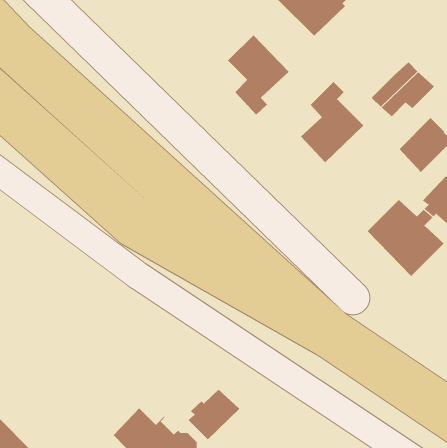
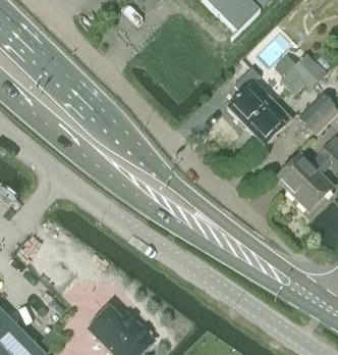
building: [227,35,289,115] -> none
building: none -> [244,98,291,144]
building: [188,389,240,440] -> none

